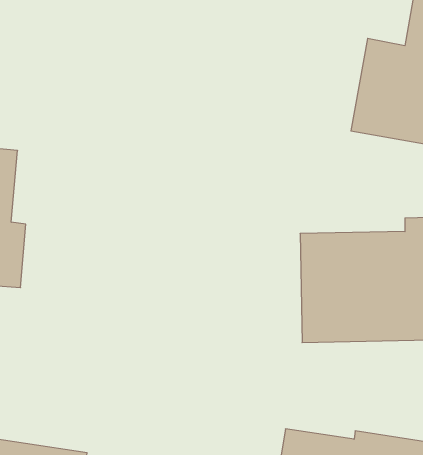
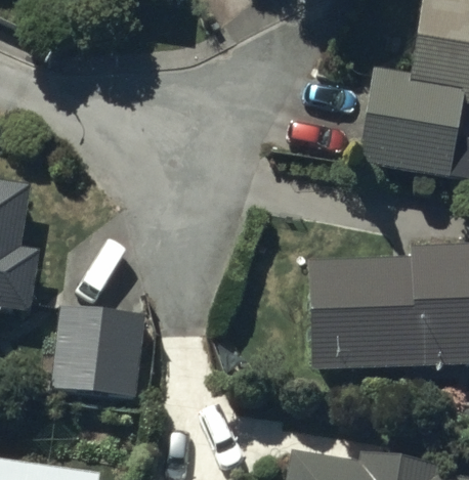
building: none -> [50,307,145,397]

